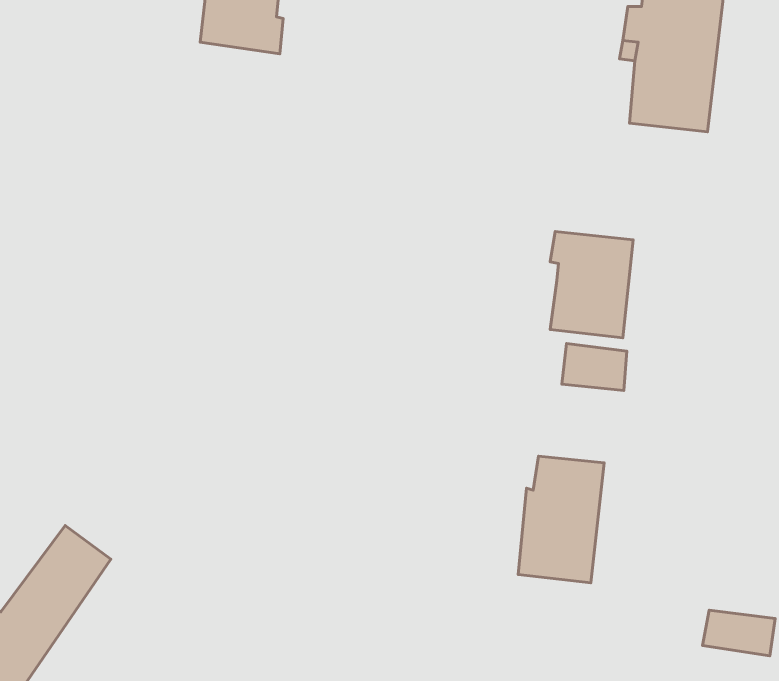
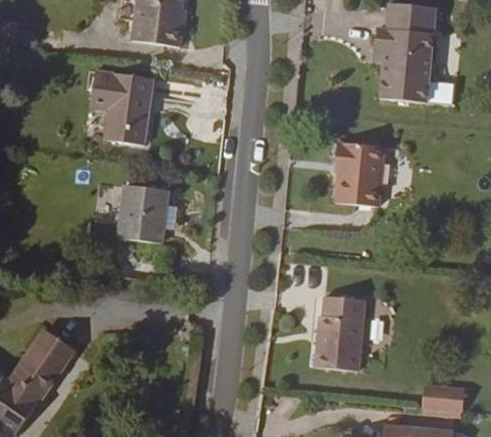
building: none -> [86,73,151,147]
building: none -> [115,187,162,241]
building: [562,343,627,390] -> none

